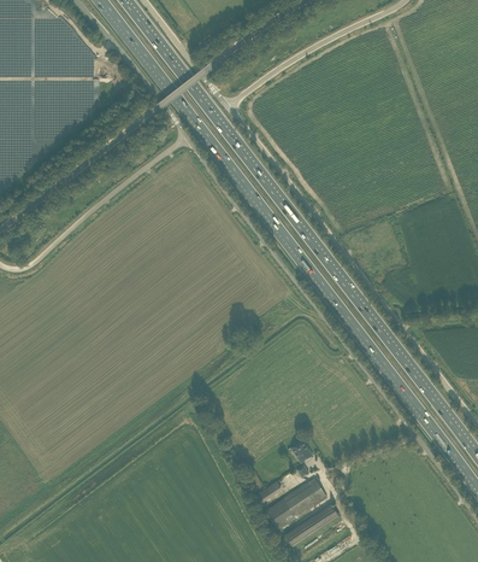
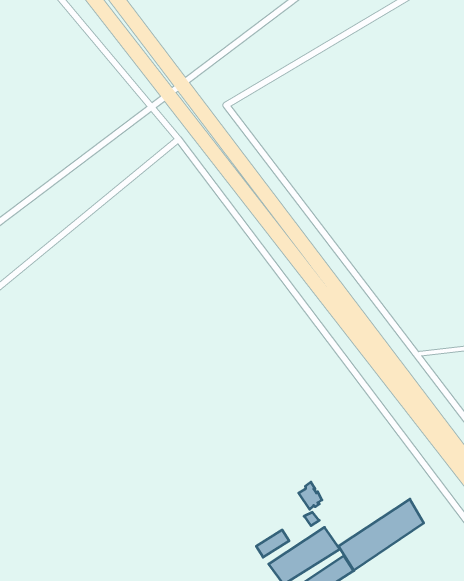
building: none -> [339,499,424,571]

